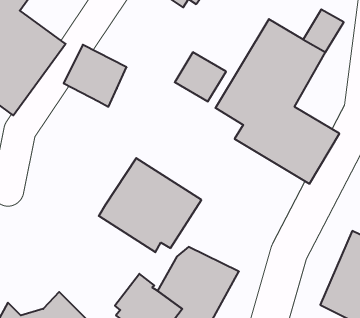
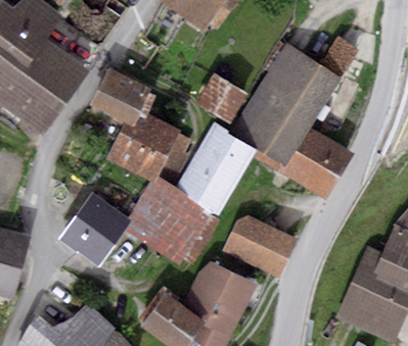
building: none -> [106,109,192,180]
building: none -> [177,125,255,212]
building: none -> [57,192,130,266]
building: none -> [222,216,298,278]

